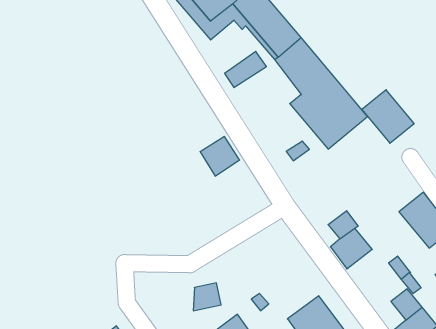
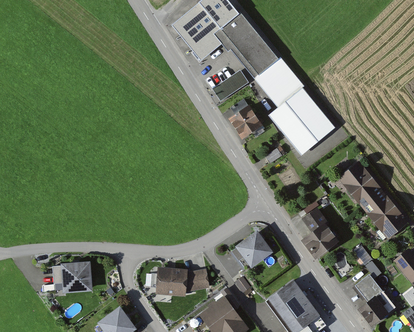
building: [362,90,414,143] -> [338,162,383,208]
building: [200,137,240,176] -> [228,104,262,138]
building: none -> [231,229,274,269]
building: none -> [52,261,92,292]
building: none -> [155,267,187,296]

